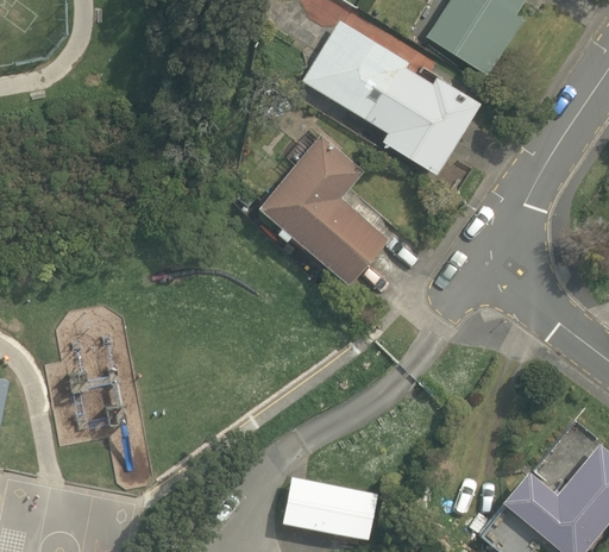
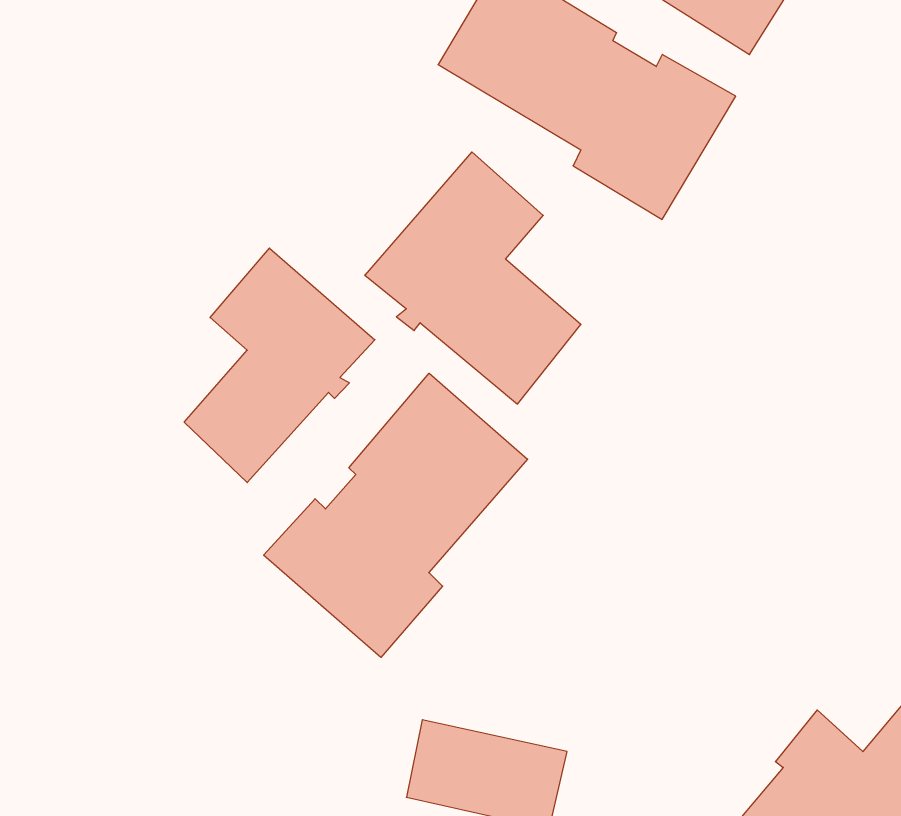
building: none -> [184,248,375,483]
building: none -> [264,373,528,657]

